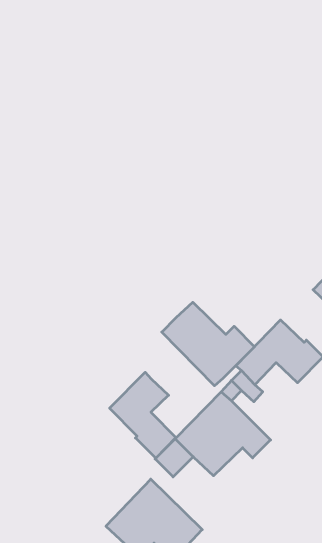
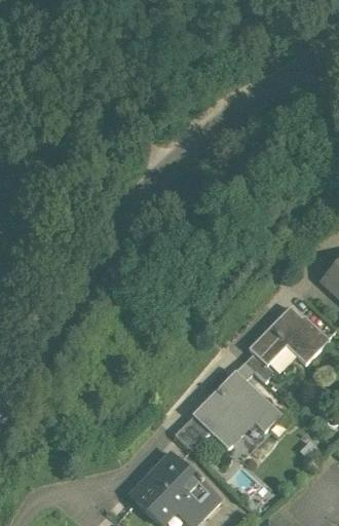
building: [162,302,255,386] -> none
building: [110,372,176,458] -> none

